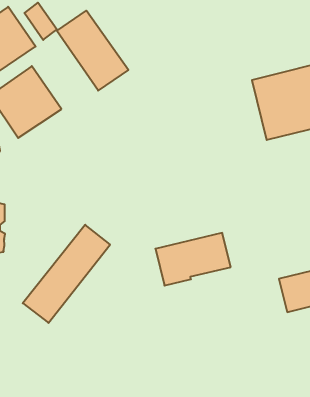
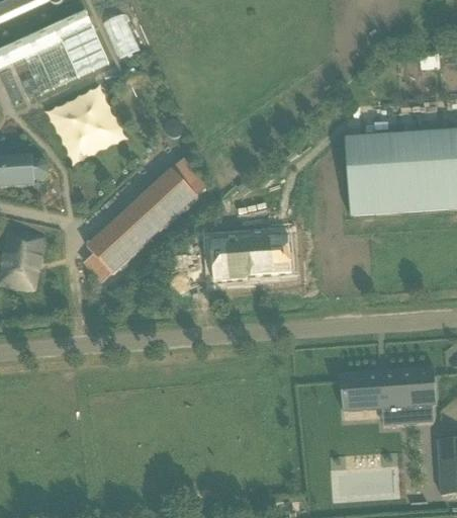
building: [57,11,128,91] -> none
building: [23,225,110,323] -> [86,168,196,272]
building: [155,233,231,286] -> [199,232,281,280]

